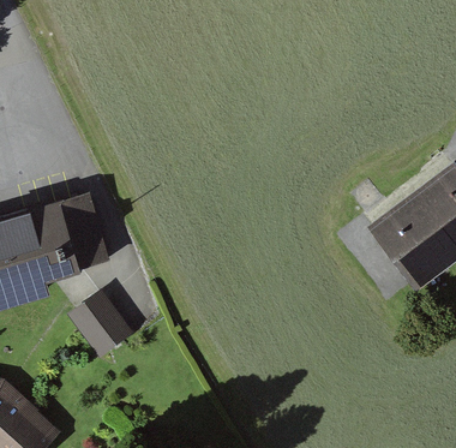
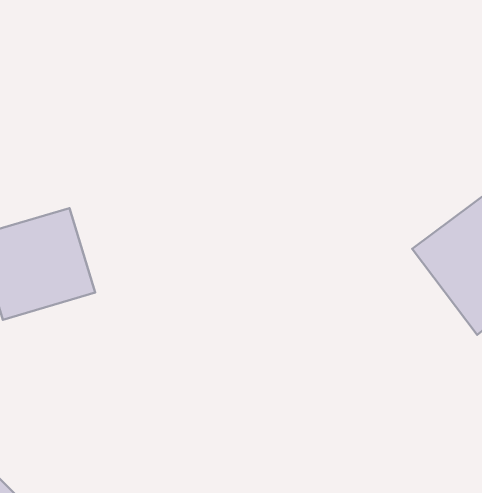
building: [70,285,133,353] -> none

